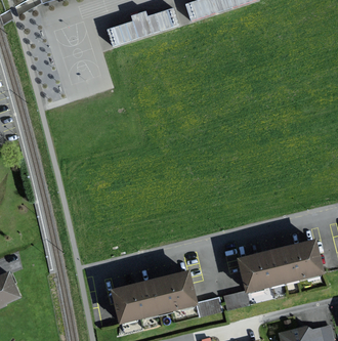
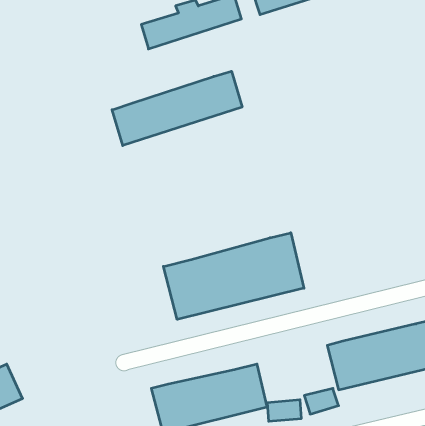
building: none -> [112,71,242,146]
building: none -> [163,233,304,319]

